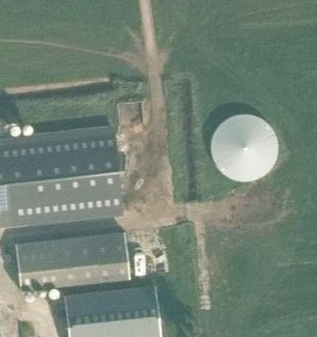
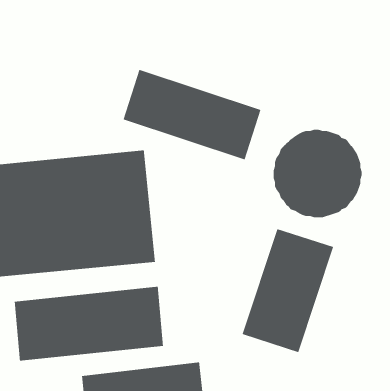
building: none -> [123,69,261,161]
building: none -> [241,228,334,353]

